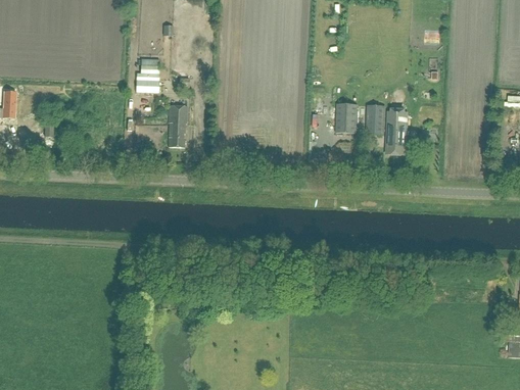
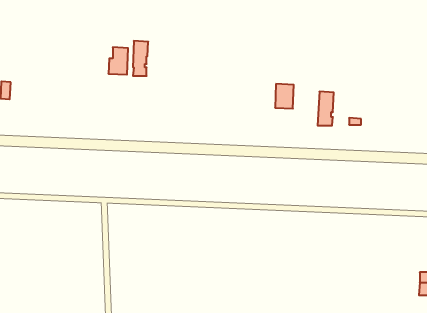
building: [168,105,186,147] -> [133,41,148,76]
building: [366,105,385,134] -> none

